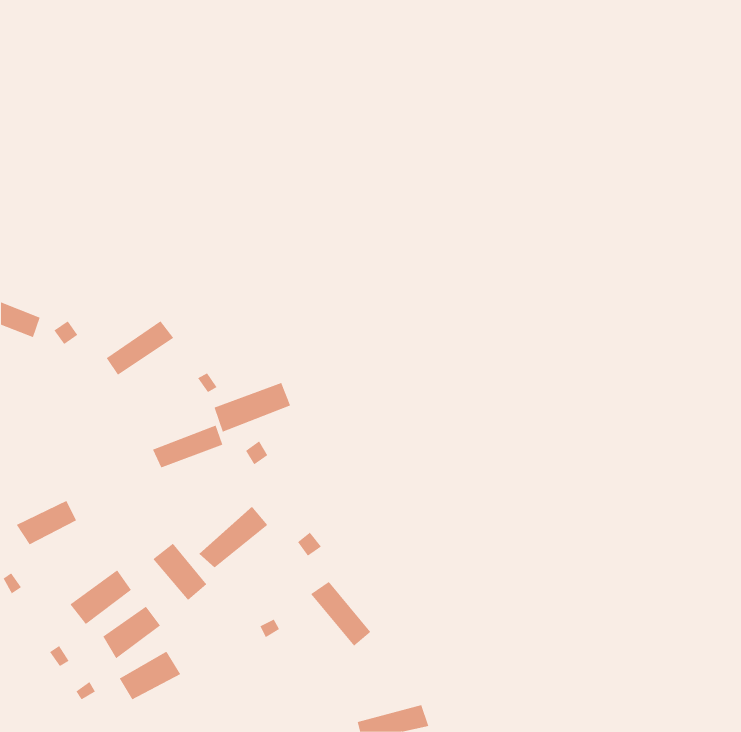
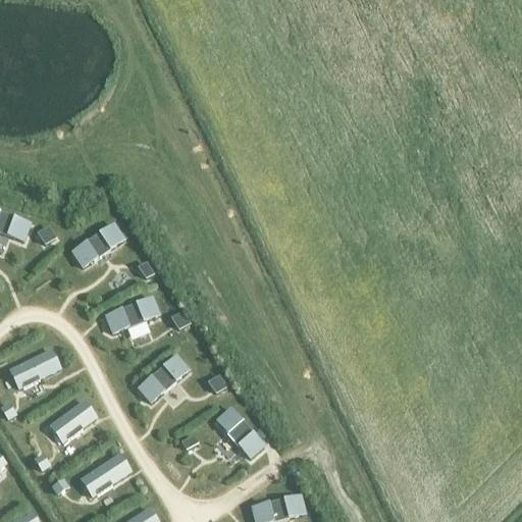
building: [214,382,291,432] -> none
building: [153,543,207,601] -> none
building: [103,606,161,659] -> none

